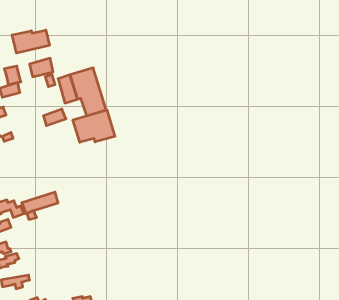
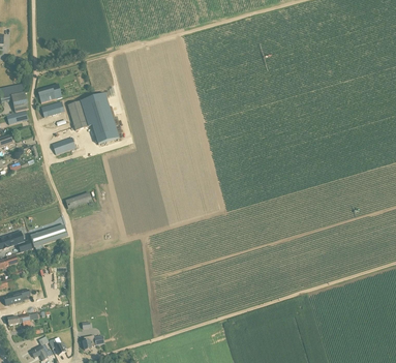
building: [12,30,49,53] -> none
building: [73,110,115,142] -> none

